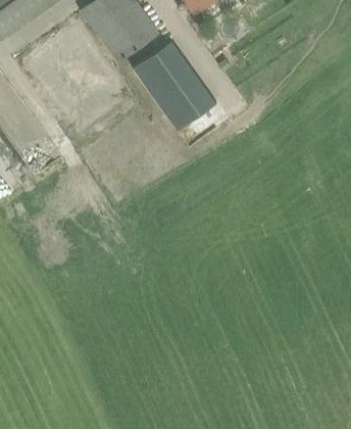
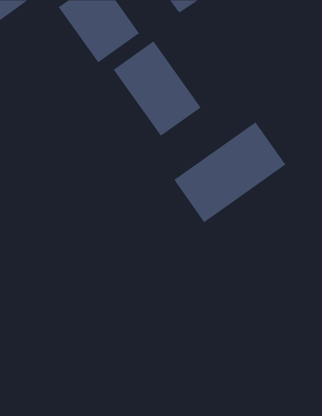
building: none -> [173,121,286,223]

